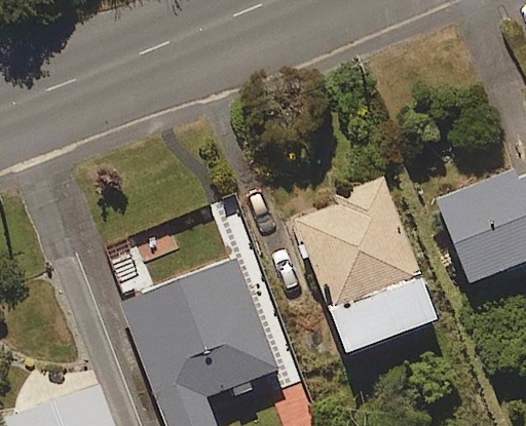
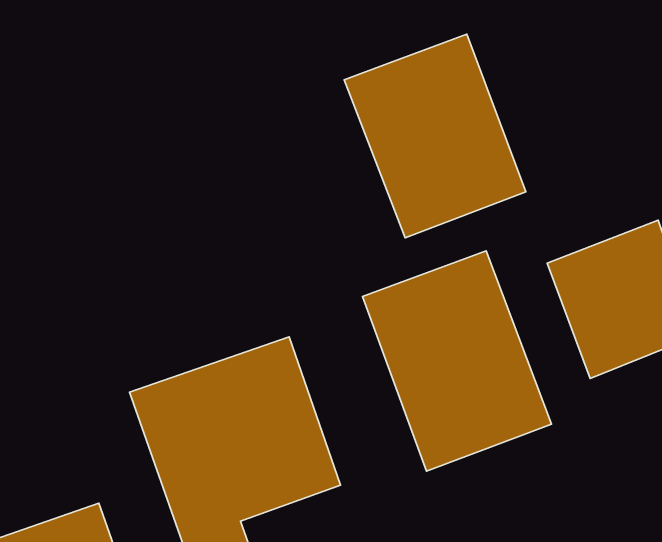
building: none -> [344,34,526,238]

